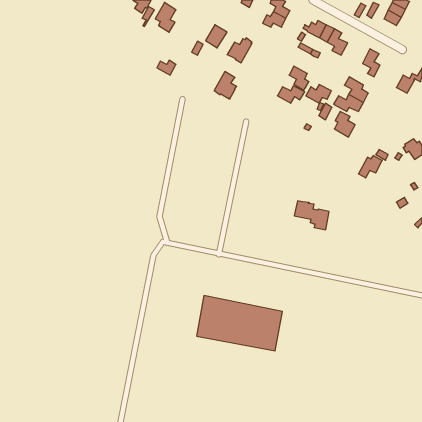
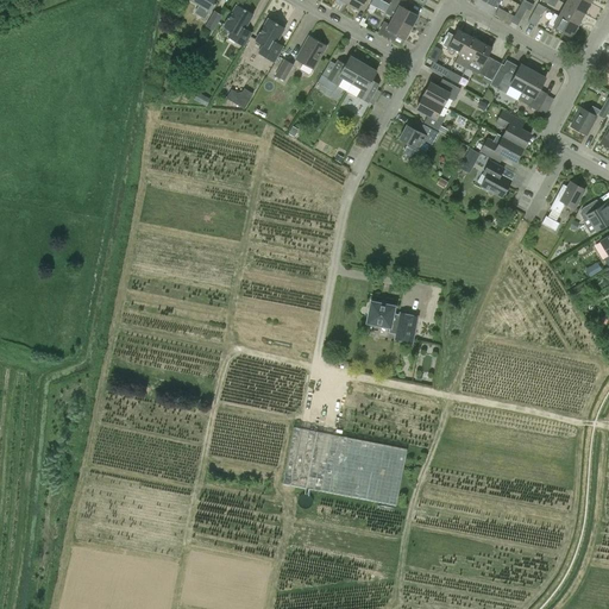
building: none -> [256,18,285,62]
building: none -> [490,62,533,93]
building: [214,72,237,99] -> [347,63,379,102]
building: [306,84,331,103] -> [423,79,460,106]
building: [358,156,382,178] -> [550,182,584,214]
building: [294,201,329,230] -> [366,301,416,343]

